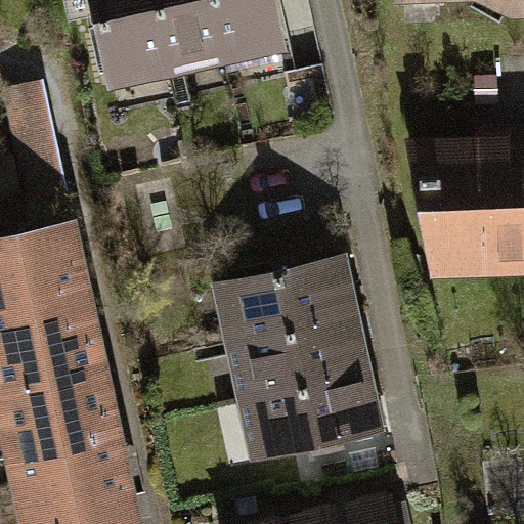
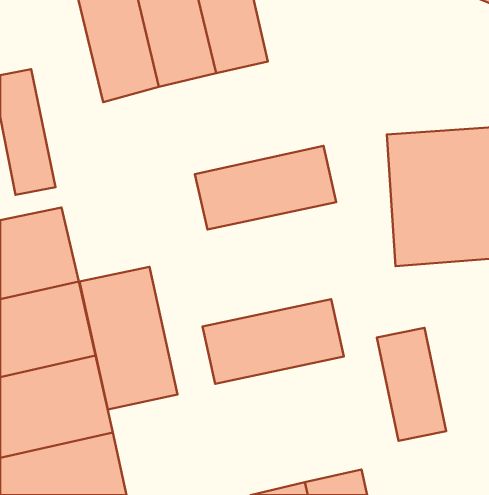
building: [209,255,357,343] -> [195,146,336,230]
building: none -> [80,267,178,410]
building: none -> [377,328,446,441]
building: [235,375,385,467] -> none

